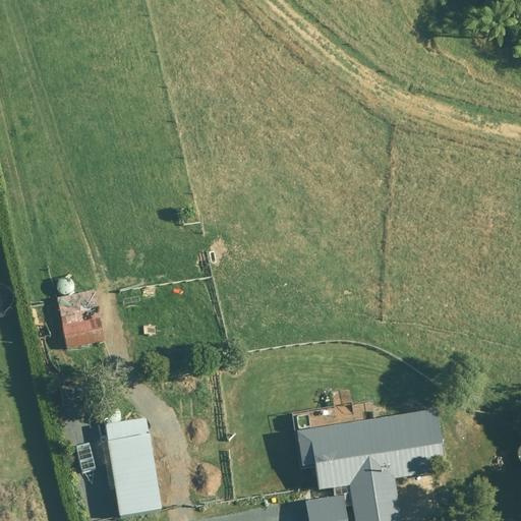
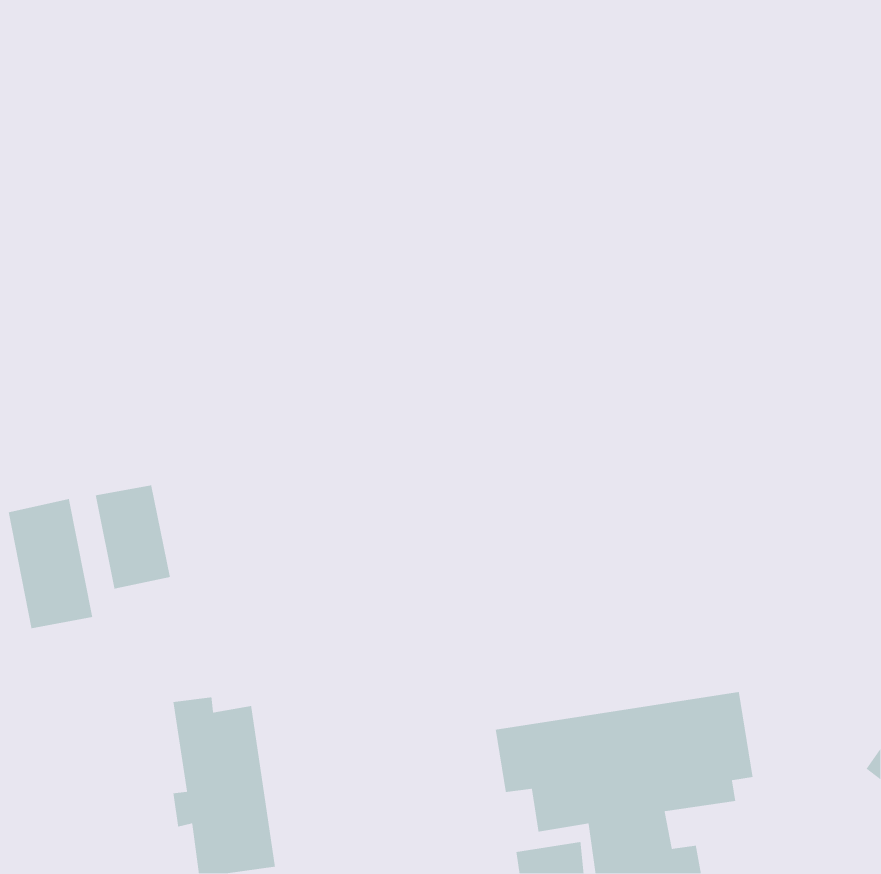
building: none -> [8,498,93,629]

